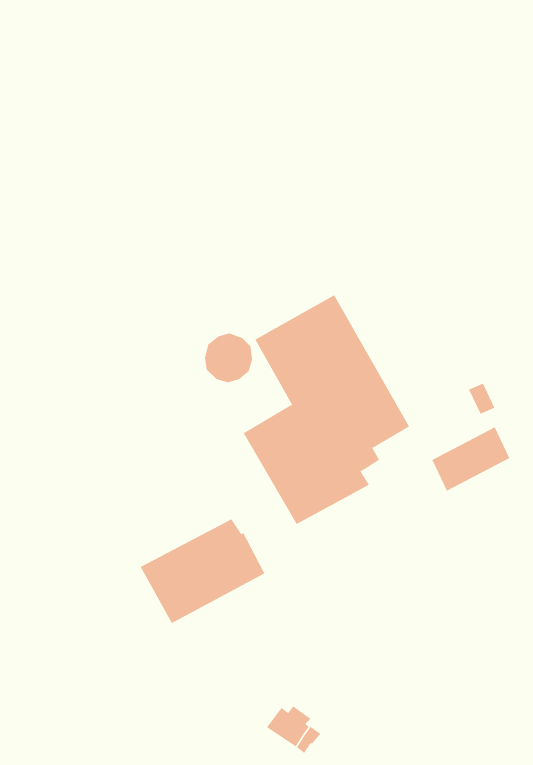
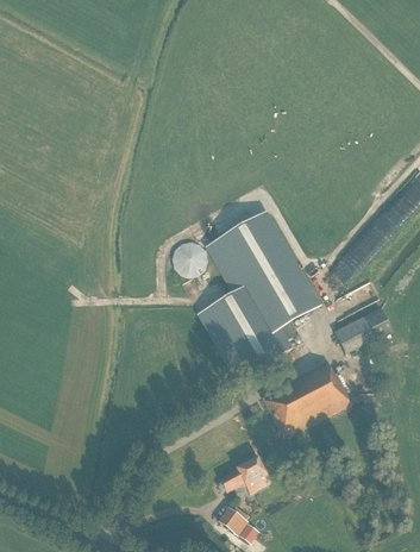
building: [140,519,265,624] -> [261,362,350,437]
building: none -> [217,457,269,491]

